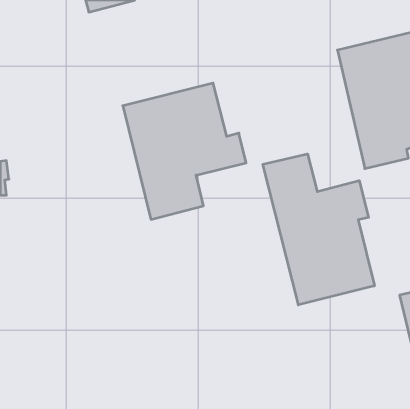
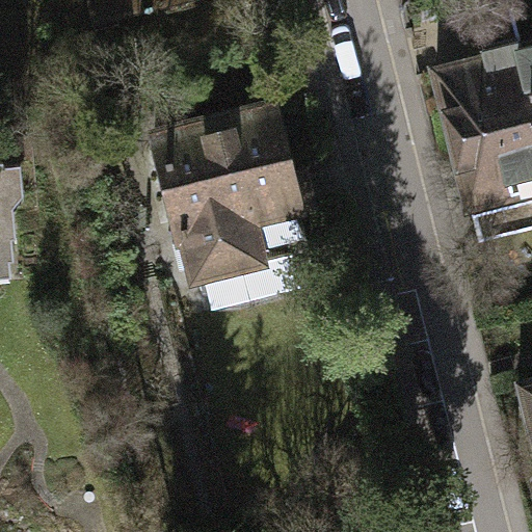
building: [263,154,374,305] -> none

